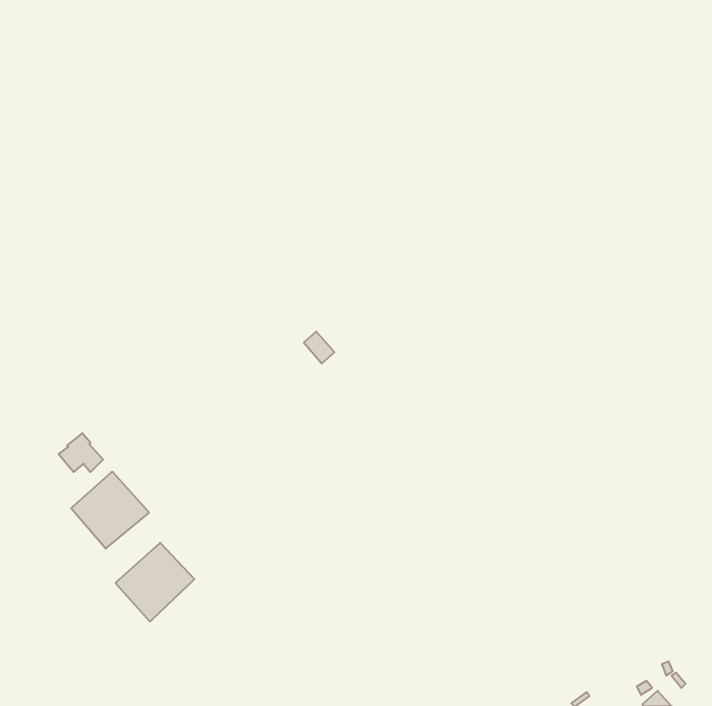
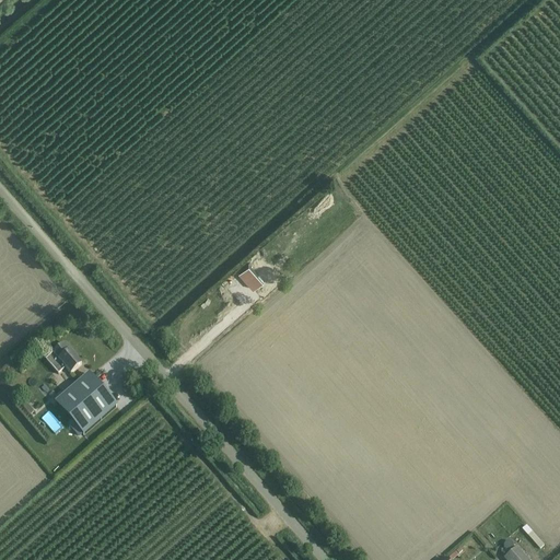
building: [116,543,194,621] -> none

